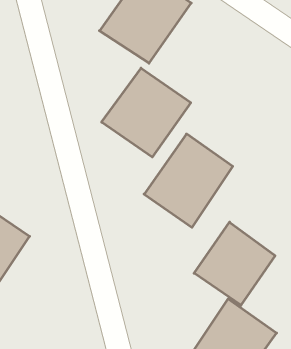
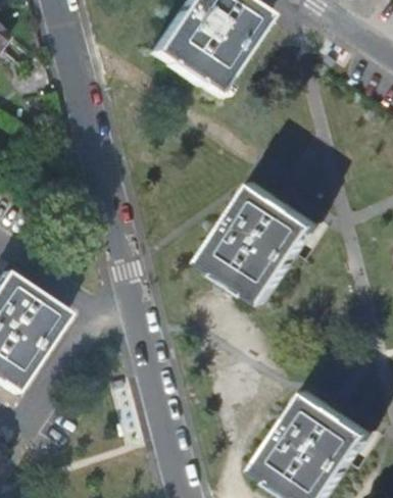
building: [102,68,191,157] -> none
building: [194,222,275,305] -> none

